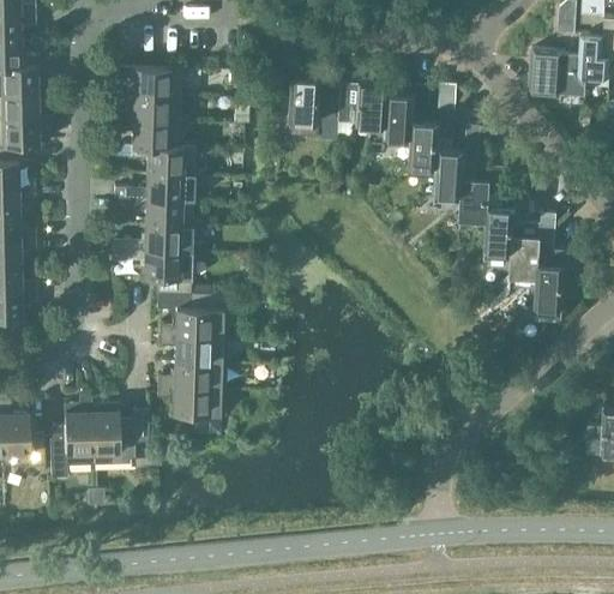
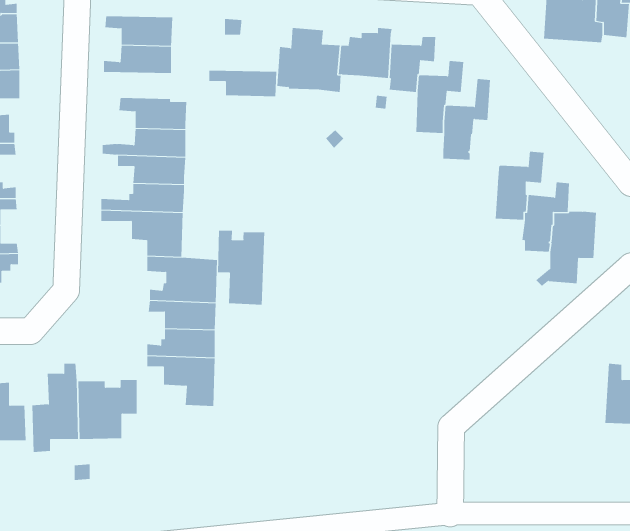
building: [115,121,180,146] -> [208,70,277,97]
building: [459,168,505,224] -> none
building: none -> [218,230,265,306]

